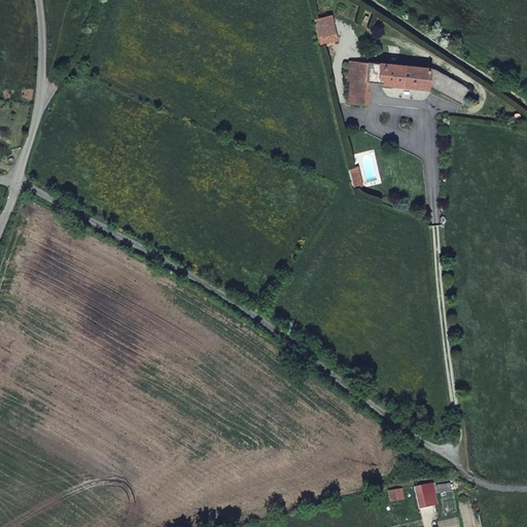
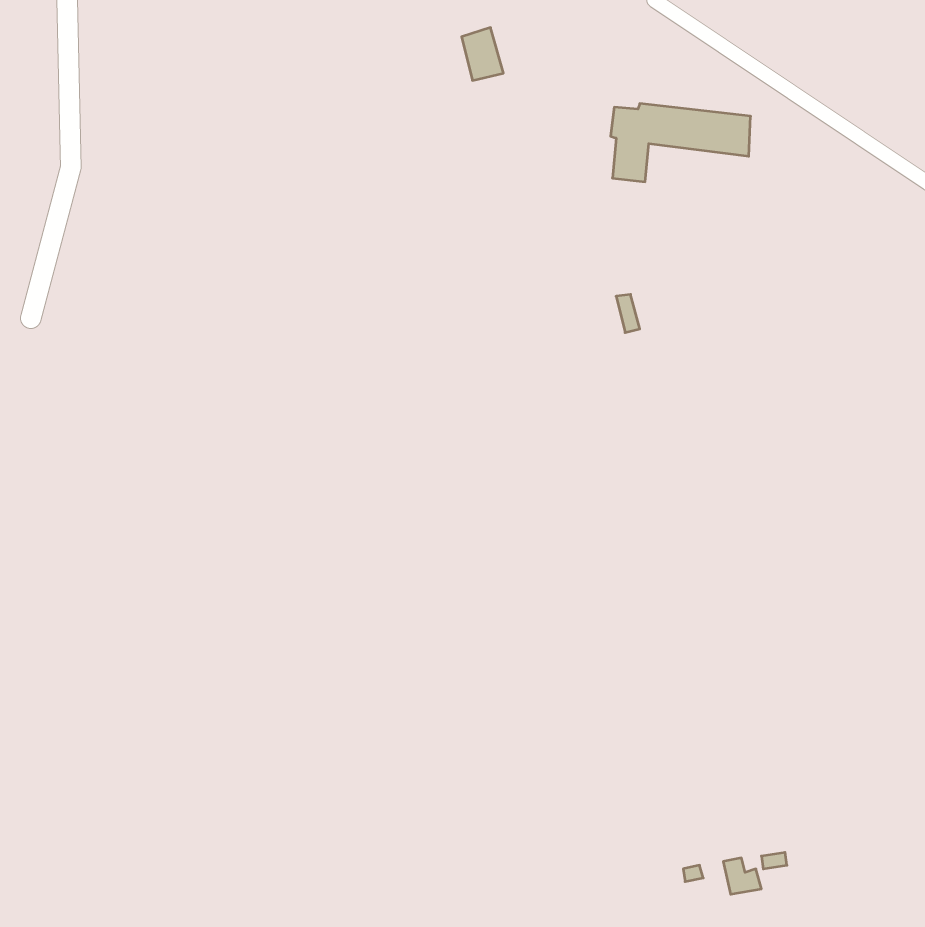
building: [315,14,339,44] -> [462,28,503,80]
building: [431,67,470,106] -> none

